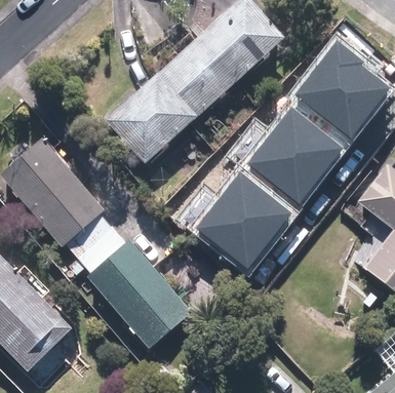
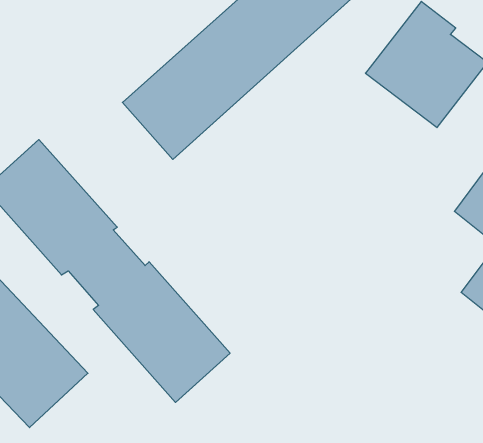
building: [250,105,345,200] -> none
building: [196,172,290,268] -> none

